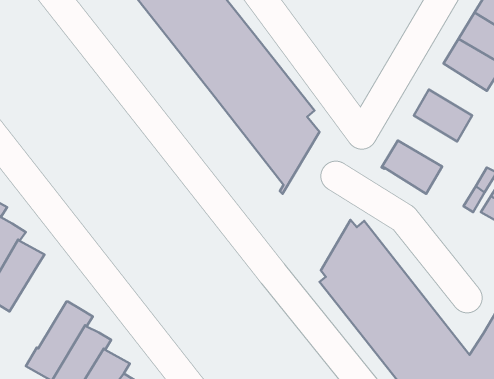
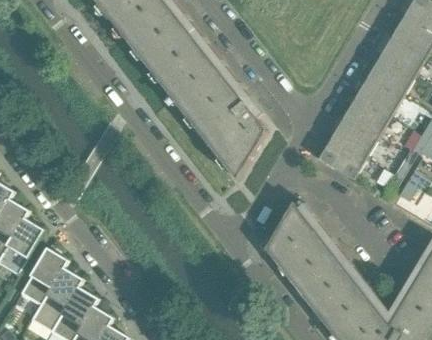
building: none -> [354,77,401,119]
building: none -> [329,119,377,160]
building: none -> [19,249,68,307]

